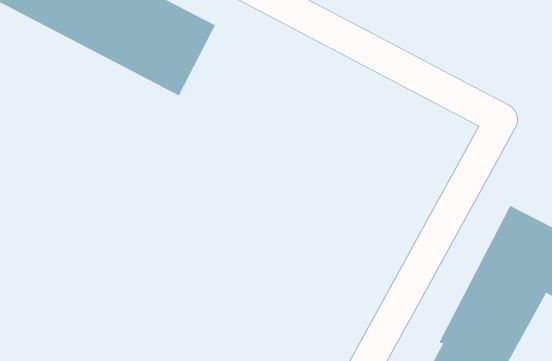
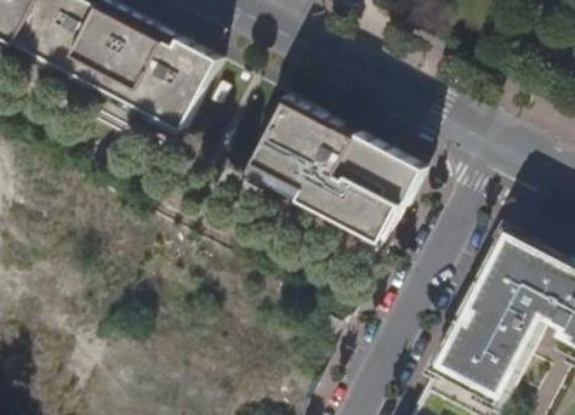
building: none -> [247,93,422,239]

